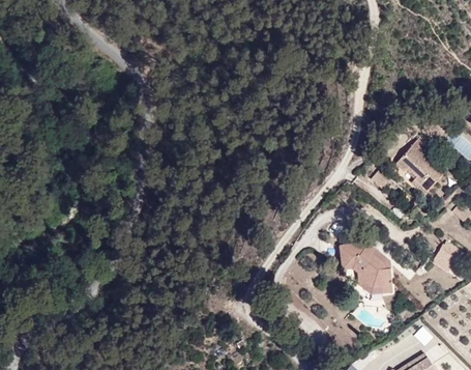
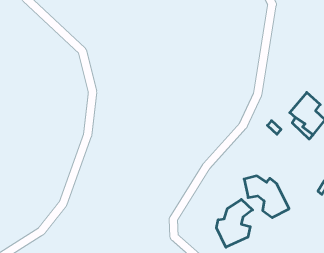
building: none -> [216,199,253,247]

